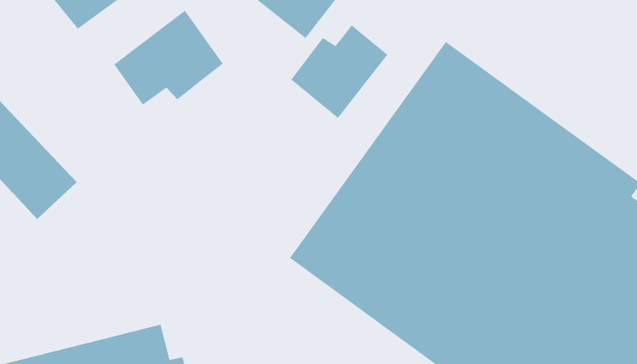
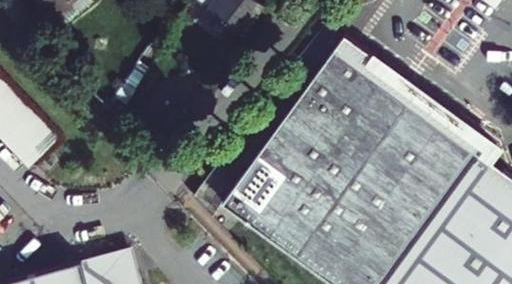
building: [114,10,223,106] -> none
building: [291,24,388,119] -> none

